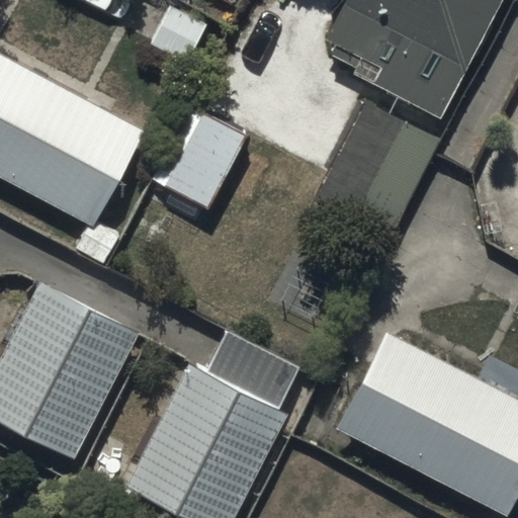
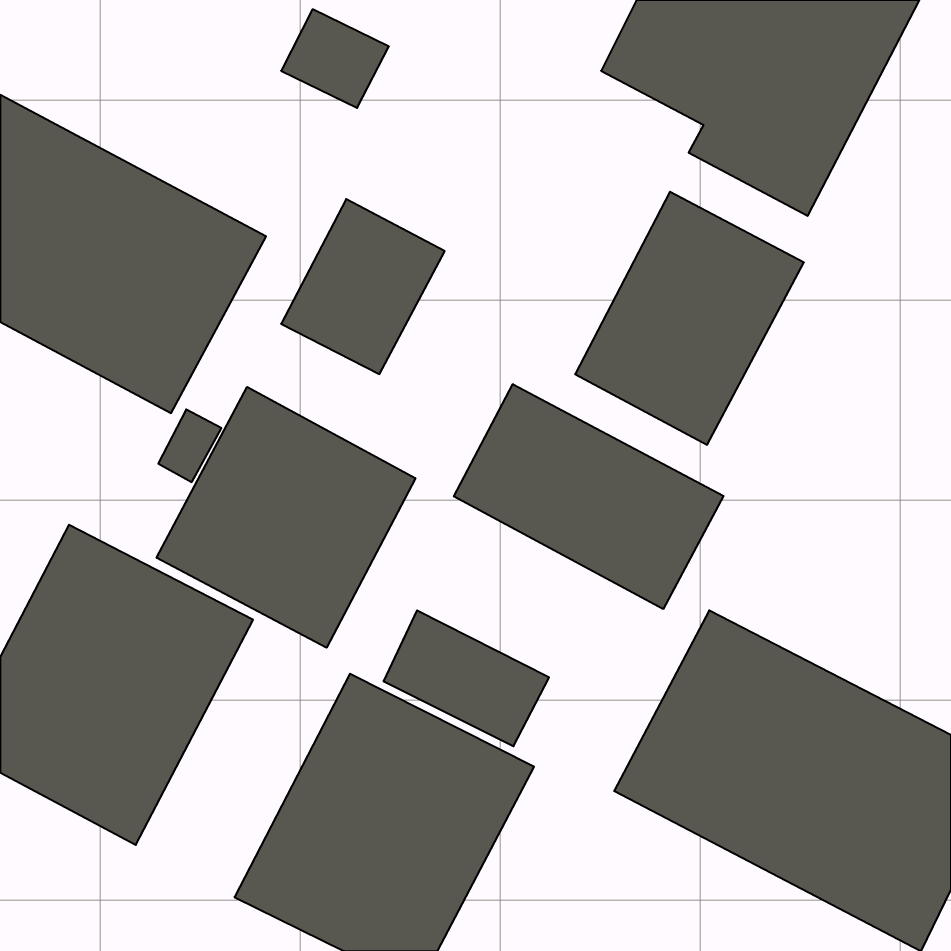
building: none -> [454,384,724,609]
building: none -> [157,387,415,648]

